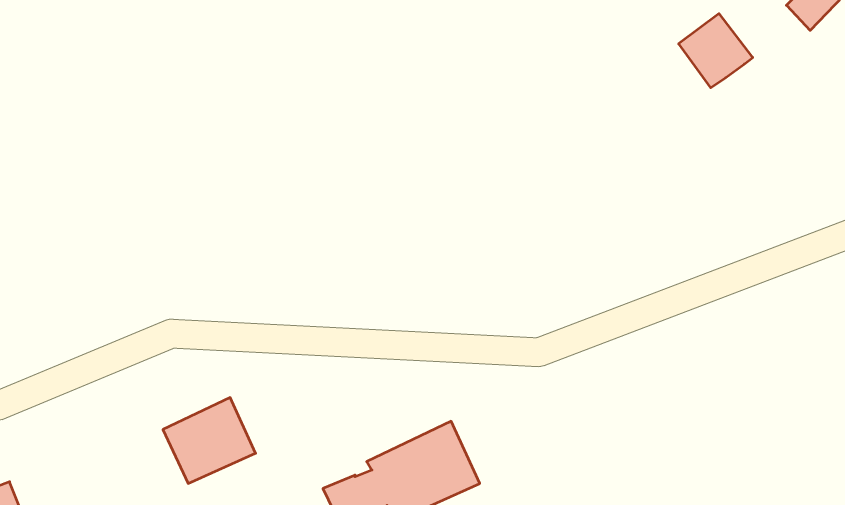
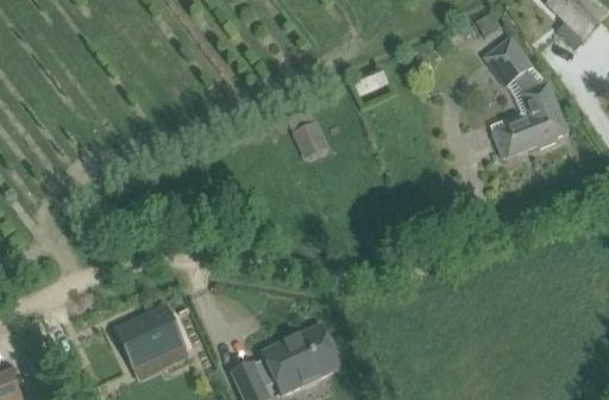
building: none -> [491,70,566,157]
building: none -> [290,120,328,158]

